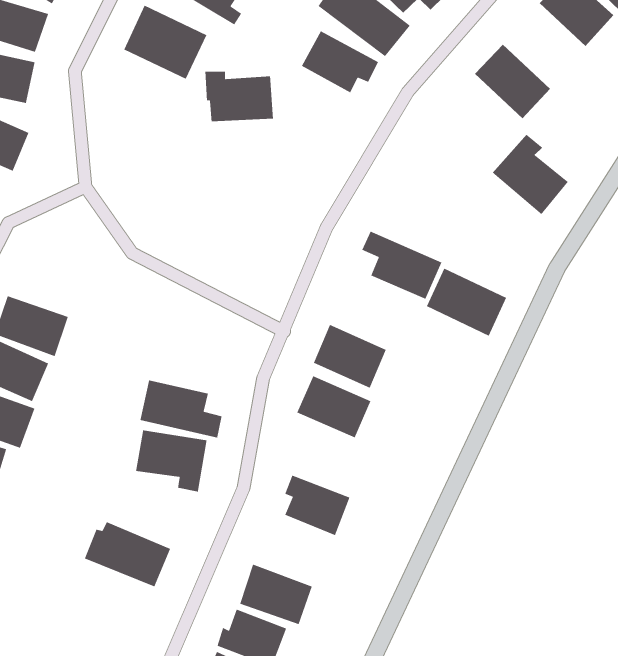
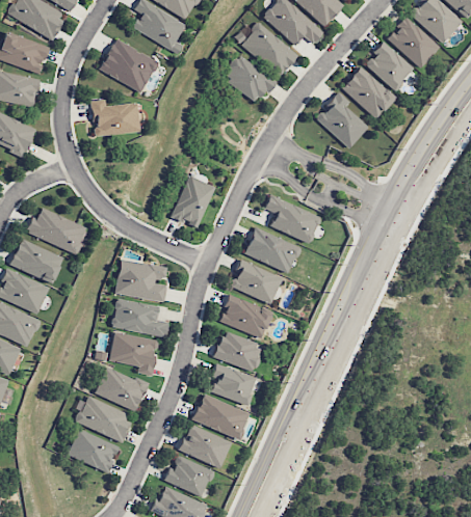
building: none -> [365,43,414,90]
building: [205,71,274,122] -> [91,100,139,135]
building: [492,134,569,215] -> [315,92,368,148]
building: none -> [171,175,215,228]
building: none -> [28,207,87,254]
building: [426,267,507,337] -> [244,226,300,274]
building: none -> [114,260,166,301]
building: none -> [215,332,263,371]
building: none -> [96,366,148,410]
building: none -> [192,394,250,439]
building: none -> [67,429,119,473]

